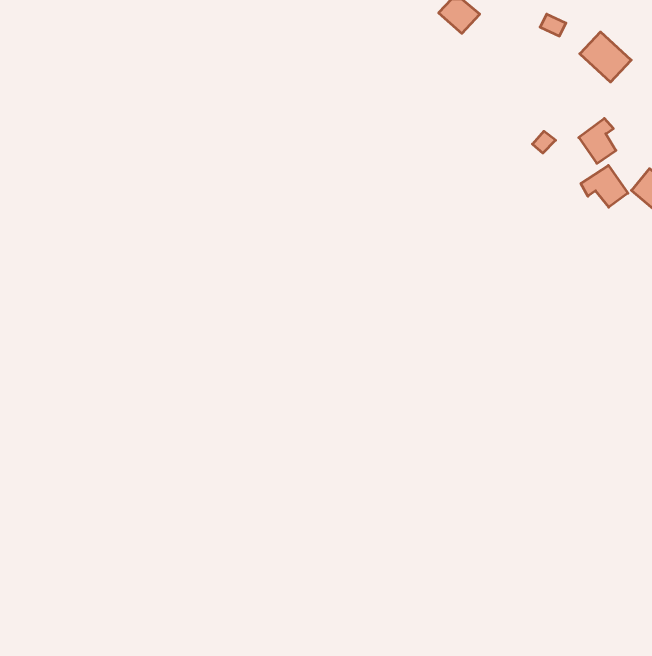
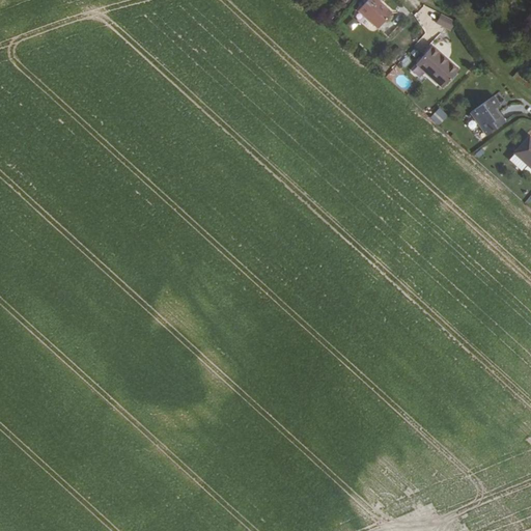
building: [580,32,631,82] -> [417,47,458,87]
building: [581,165,628,207] -> none

